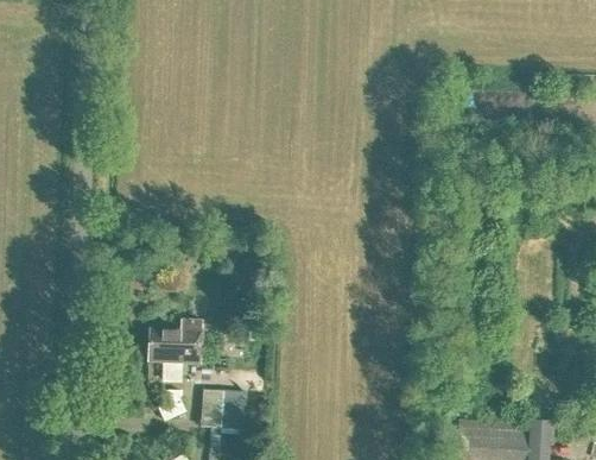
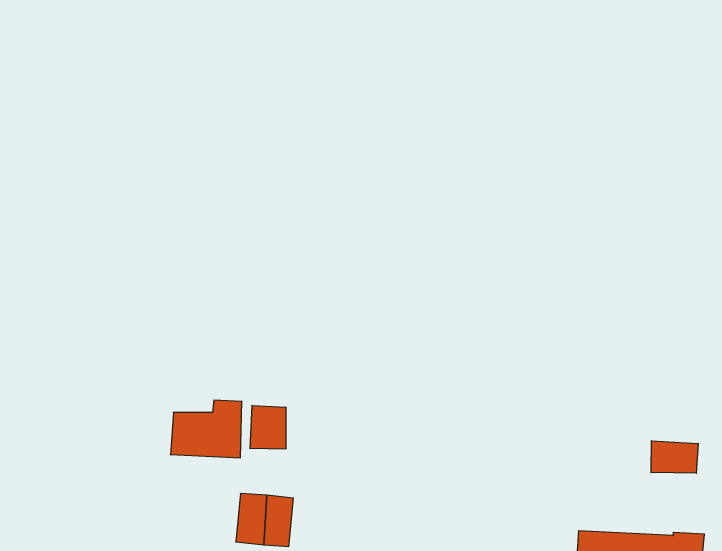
building: none -> [250,405,286,449]
building: none -> [651,441,698,473]

